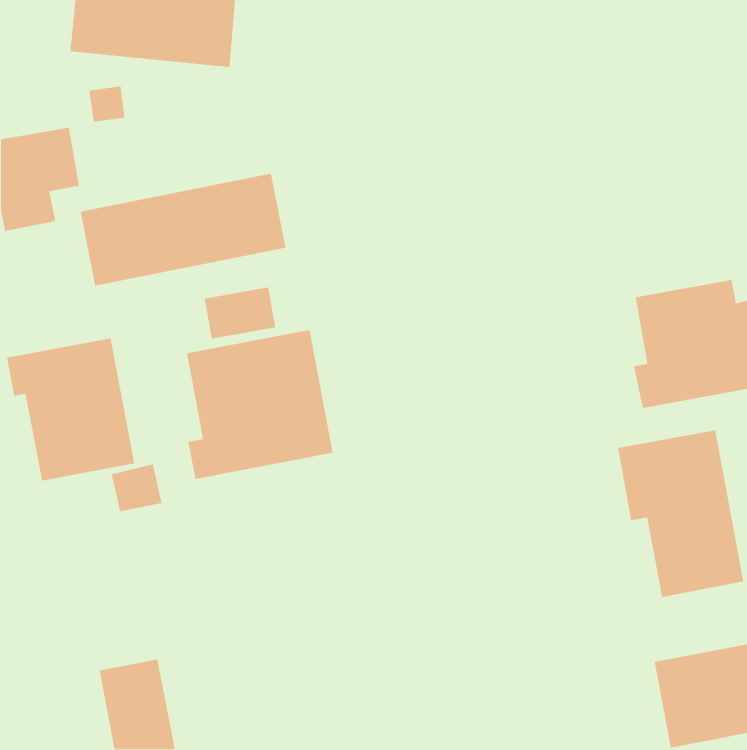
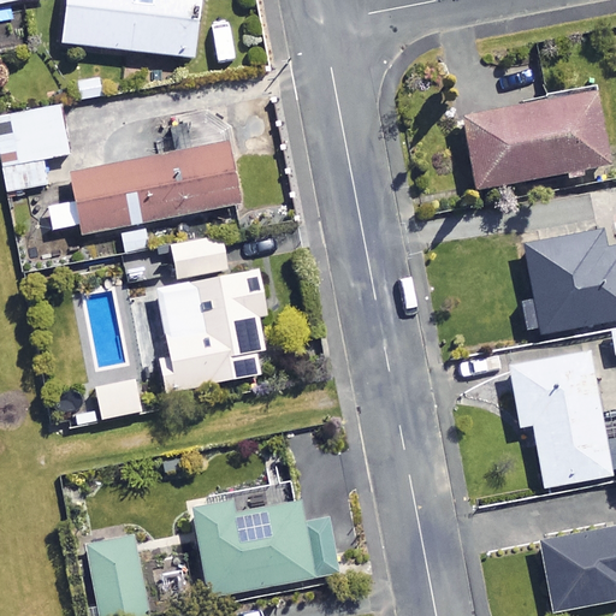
building: none -> [461,90,608,189]
building: [6,337,135,482] -> none
building: none -> [192,499,339,596]

